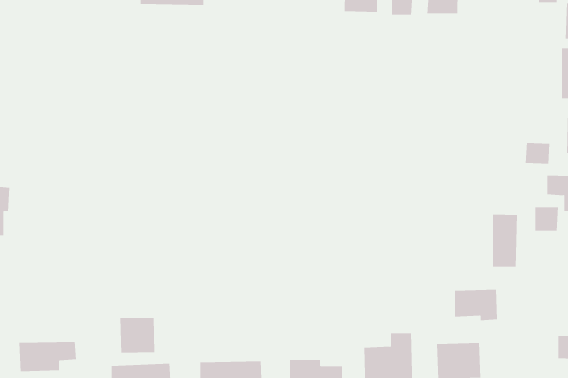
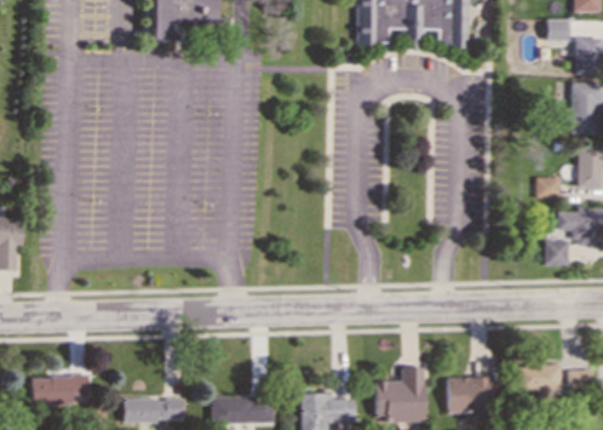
building: [492,214,517,268] -> none
building: [454,289,498,321] -> [518,363,562,395]
building: [120,317,155,353] -> none

